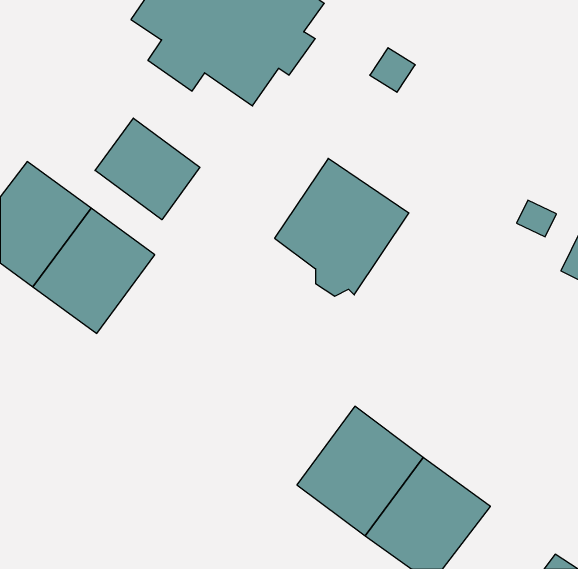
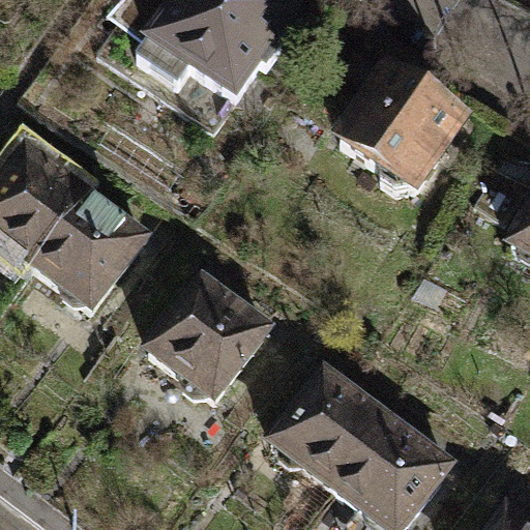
building: [95,118,200,220] -> none
building: [275,158,409,296] -> [343,62,465,187]
building: none -> [150,277,269,398]

